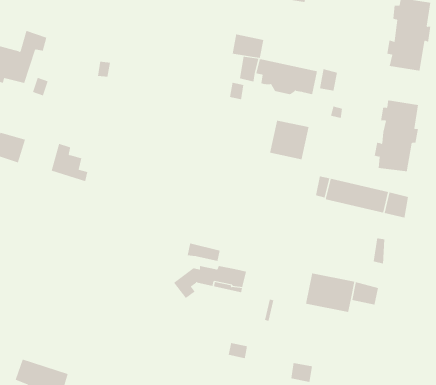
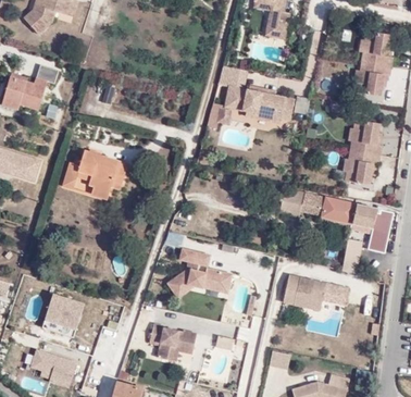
building: [270,120,309,160] -> none
building: none -> [78,150,128,198]
building: none -> [368,212,393,252]
building: none -> [42,294,85,339]
building: none -> [150,324,197,363]

